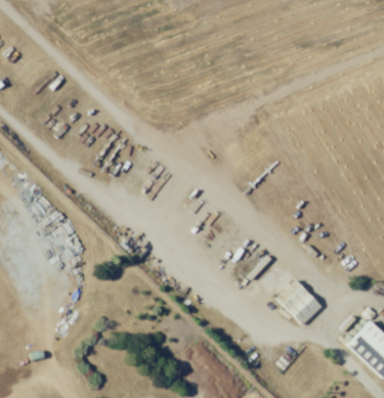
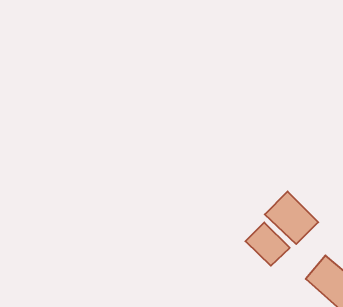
building: none -> [265,191,318,244]

